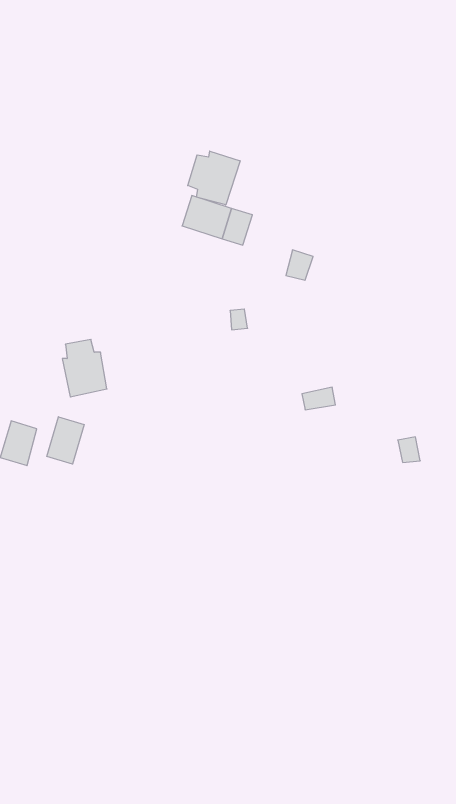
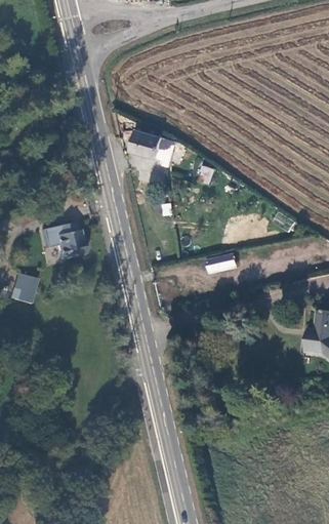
building: [188,151,240,205] -> none
building: [47,417,84,464] -> none

